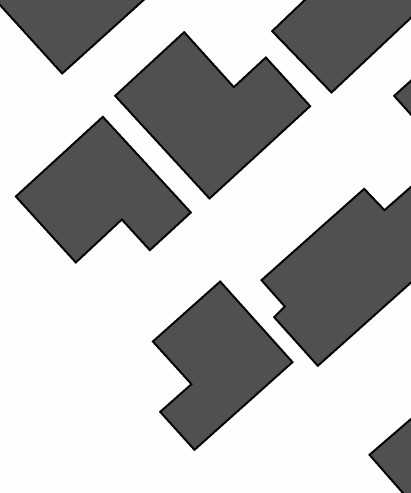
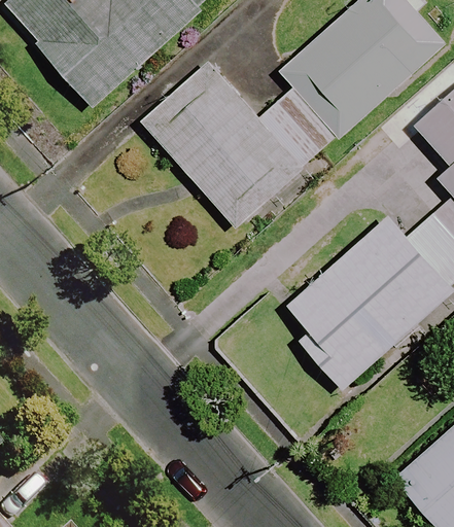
building: [16,117,191,262] -> none
building: [153,282,292,450] -> none

